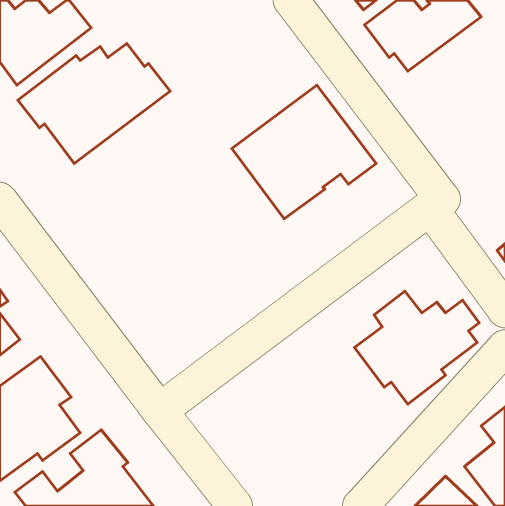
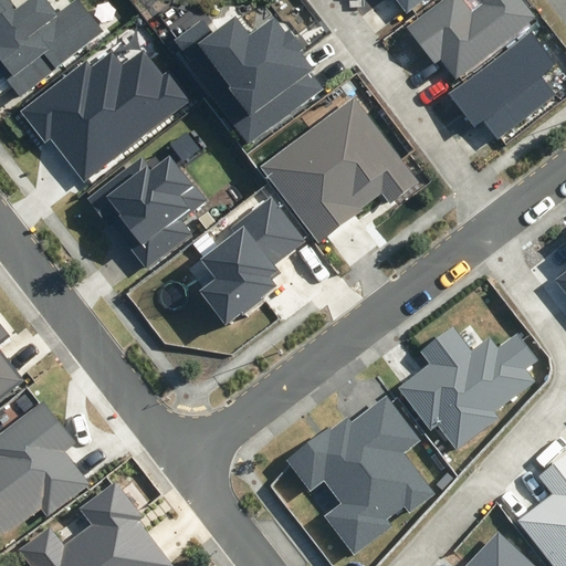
building: none -> [172,15,319,140]
building: none -> [448,31,557,138]
building: none -> [85,155,206,265]
building: none -> [200,198,303,324]
building: none -> [285,398,434,556]

